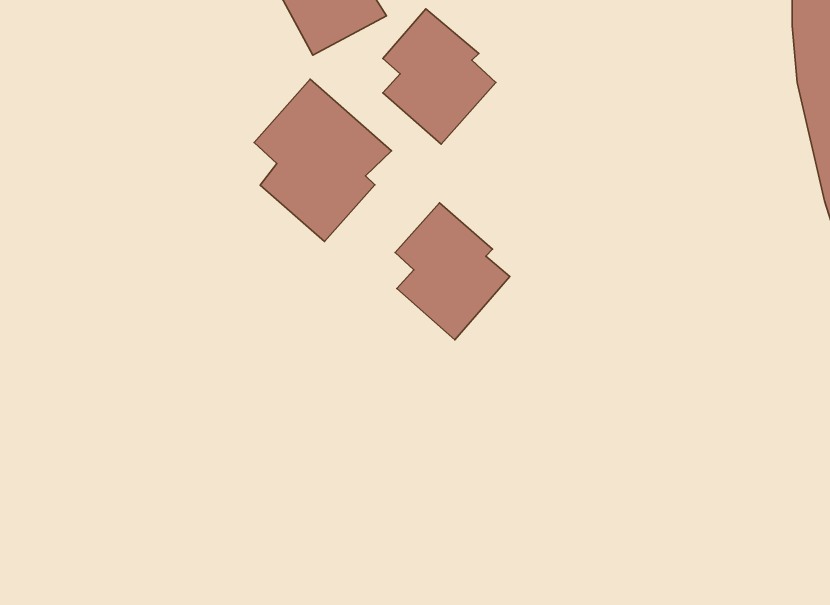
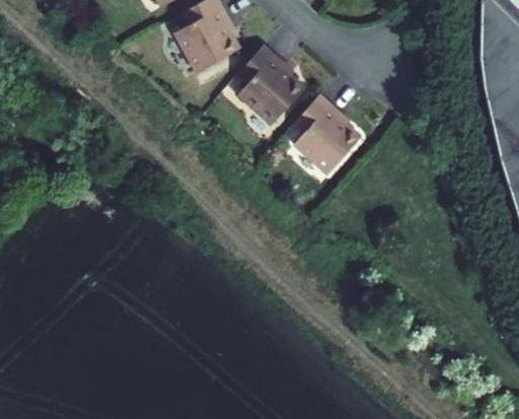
building: [254,79,391,241] -> none
building: [395,203,510,340] -> [293,93,361,174]

